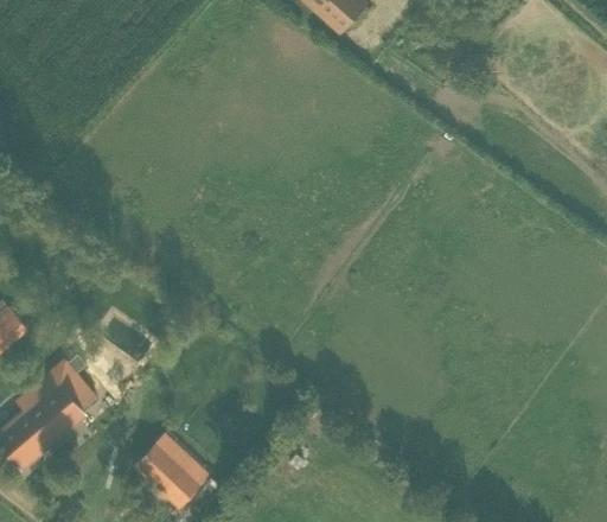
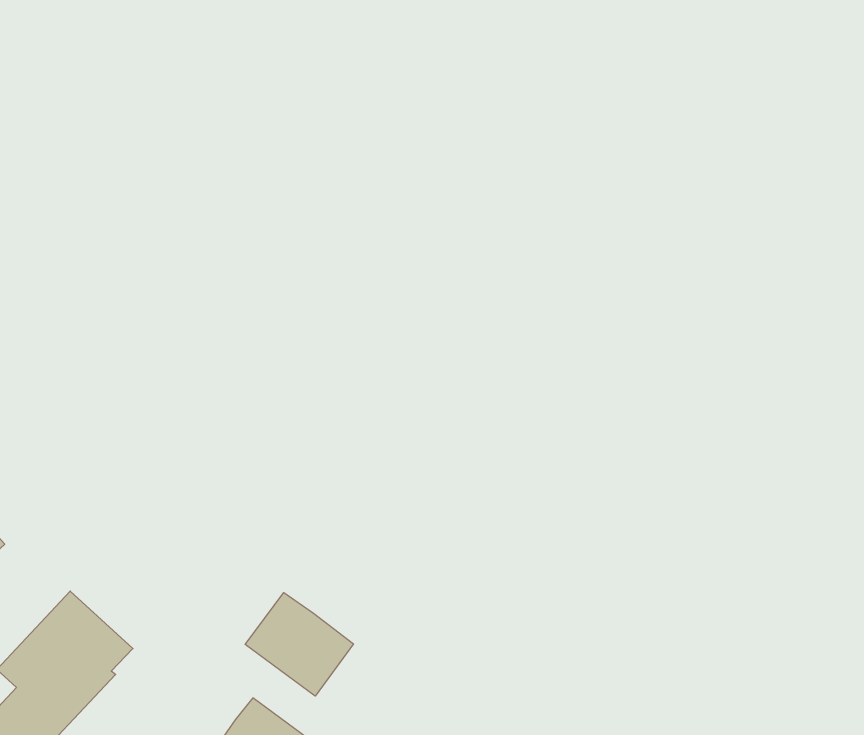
building: none -> [245,593,353,696]

